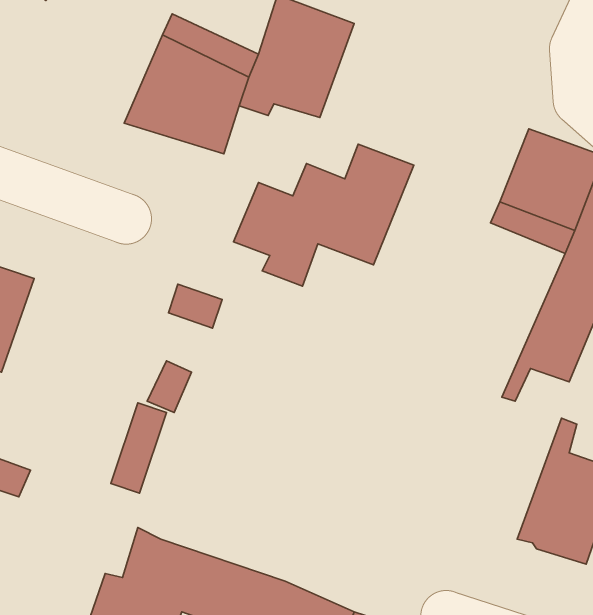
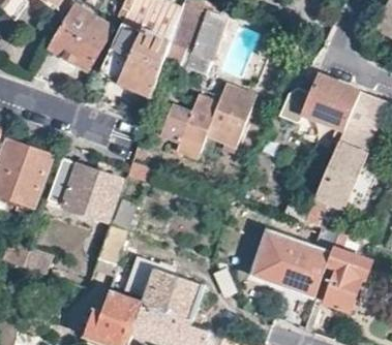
building: none -> [47,11,113,76]
building: none -> [47,158,120,220]
building: none -> [253,228,330,296]
building: none -> [121,257,200,319]

